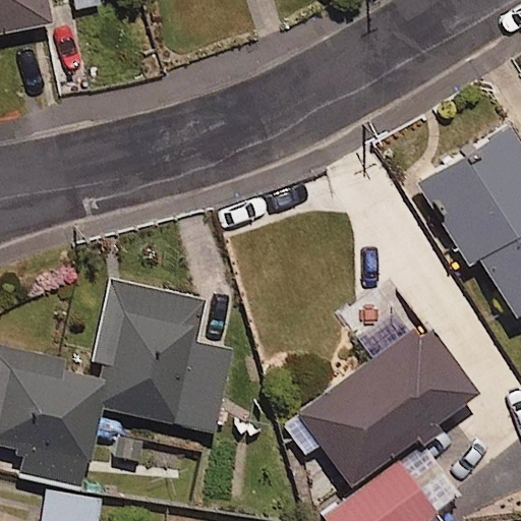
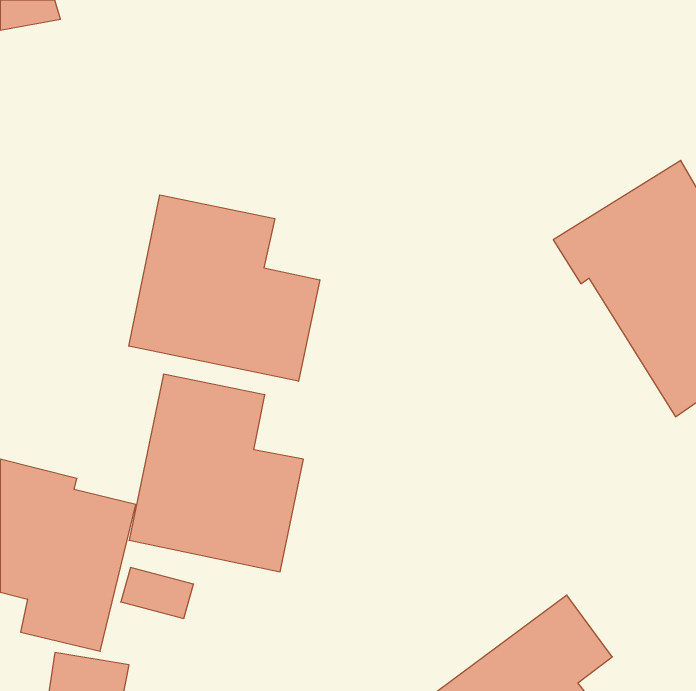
building: none -> [129,195,320,381]
building: [298,298,475,482] -> none

